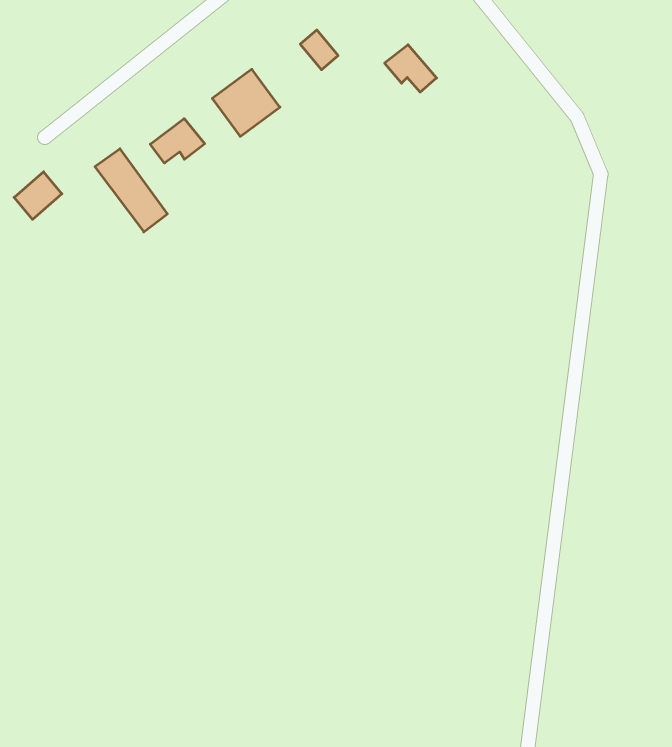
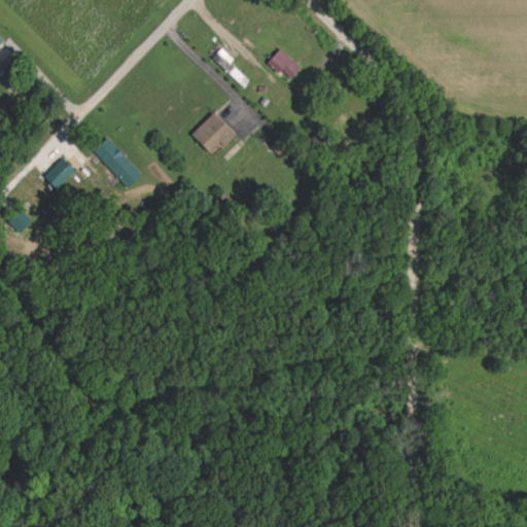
building: [212,69,280,136] -> [191,112,235,155]
building: [150,119,205,163] -> none

